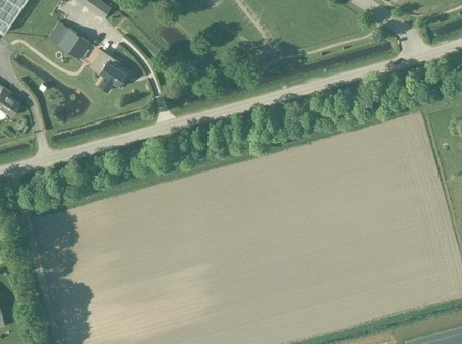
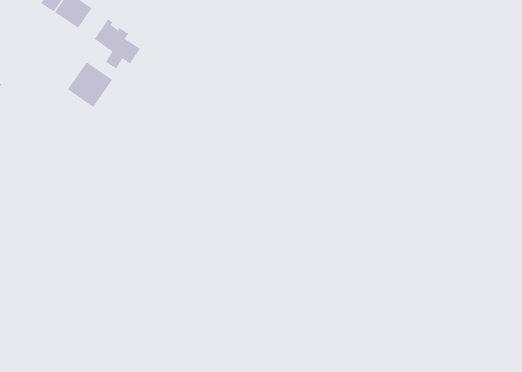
building: none -> [67,61,113,108]

